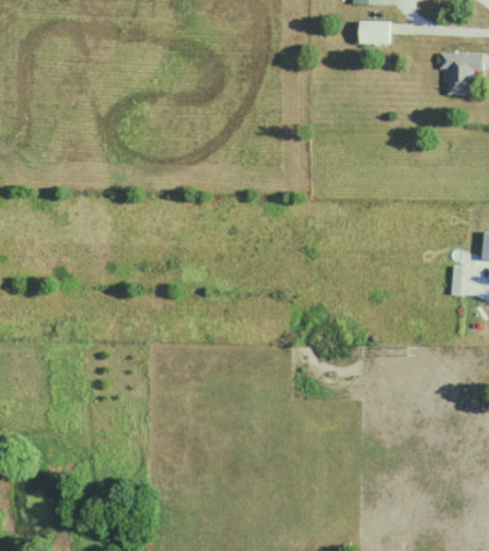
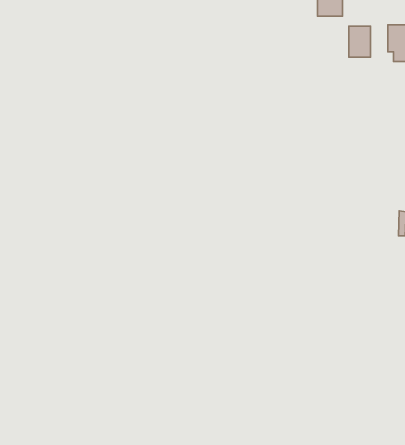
building: none -> [349,26,370,57]

